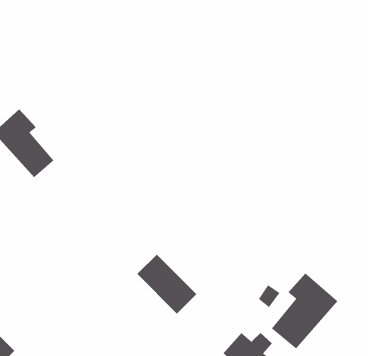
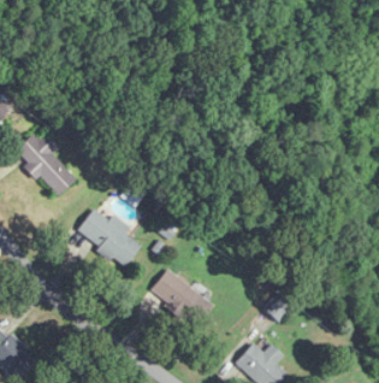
building: none -> [76,208,138,266]
building: [271,272,339,350] -> none

